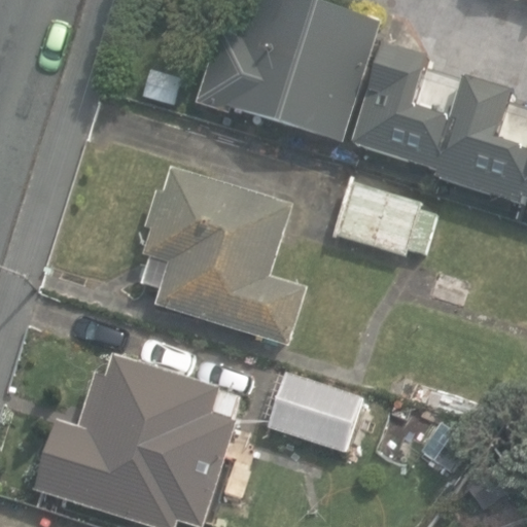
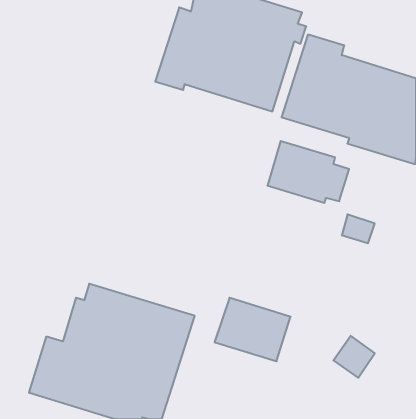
building: [143,167,308,347] -> none

